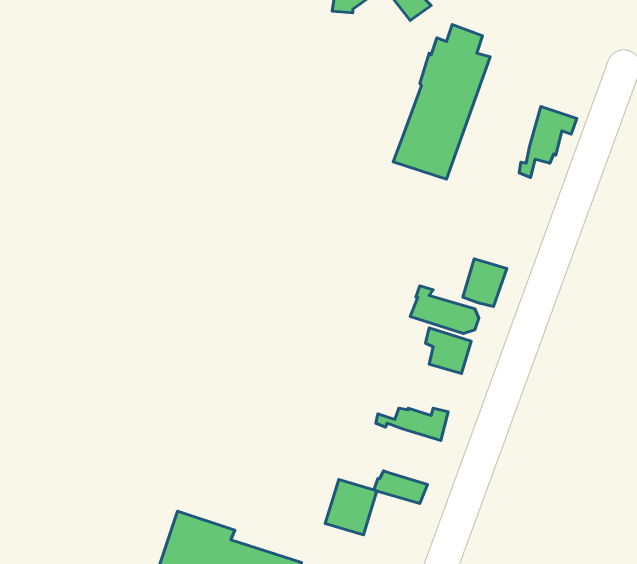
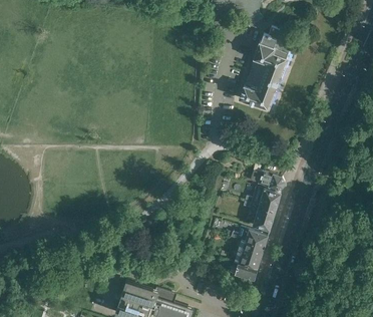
building: [519,107,577,177] -> none
building: [463,259,507,307] -> [253,205,276,230]
building: [325,479,377,535] -> [238,239,265,268]

